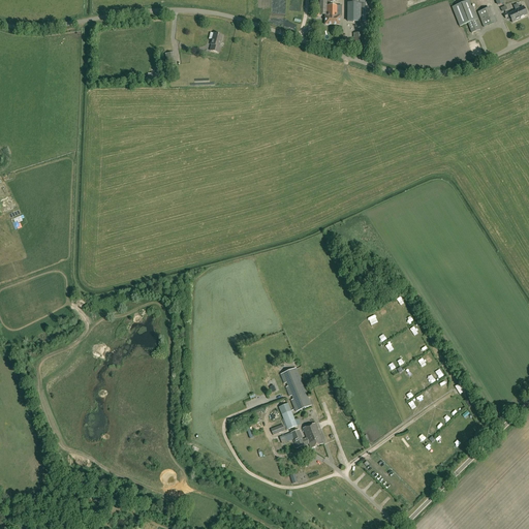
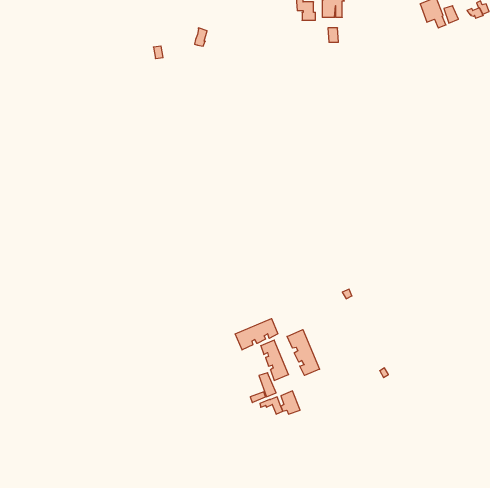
building: none -> [235,319,278,350]
building: none -> [287,330,320,375]

